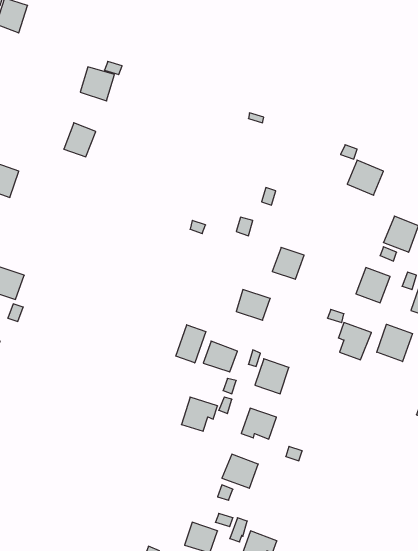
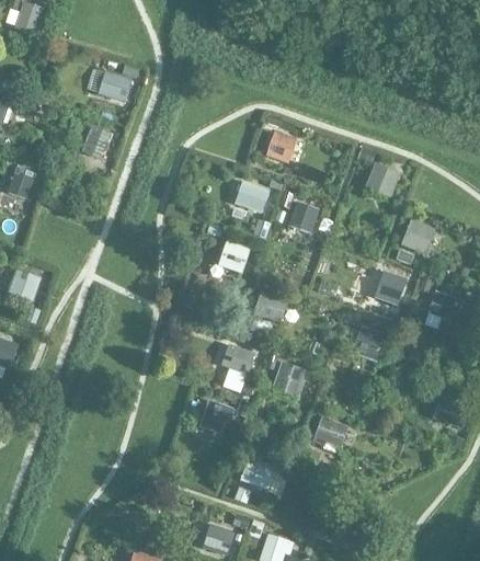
building: none -> [265,129,296,163]
building: none -> [235,181,268,211]
building: none -> [217,238,251,273]
building: [272,247,304,279] -> [287,201,319,232]
building: [377,324,412,362] -> none
building: [176,325,206,363] -> none
building: [241,408,276,439] -> [312,416,347,447]

